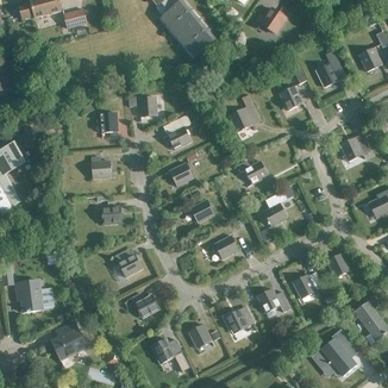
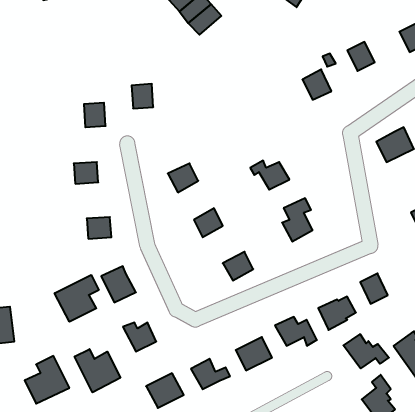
building: [227,94,261,131] -> none
building: [162,114,190,149] -> none
building: none -> [55,275,99,322]
building: none -> [343,334,389,368]
building: none -> [75,349,120,392]

